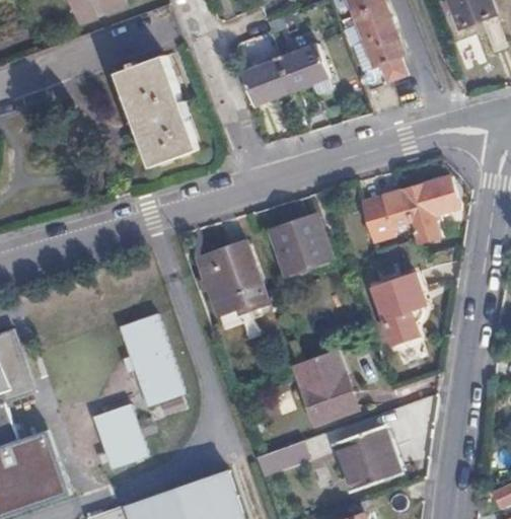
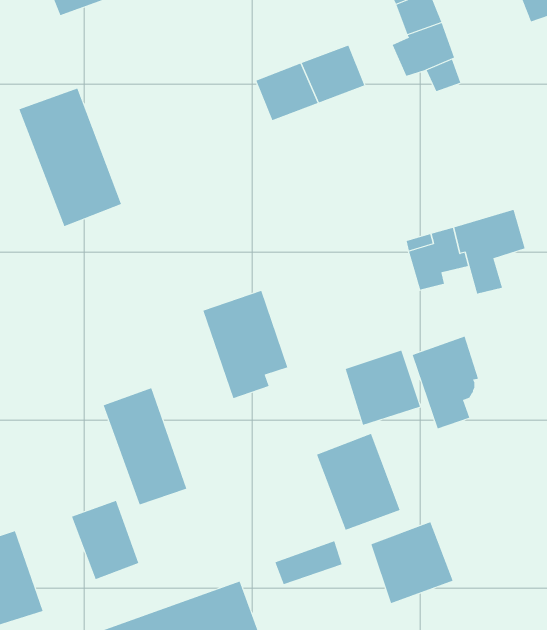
building: [121,56,204,167] -> [18,88,122,227]
building: [270,212,331,273] -> [345,350,421,426]

